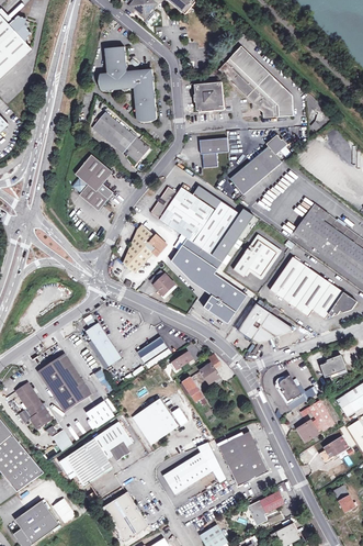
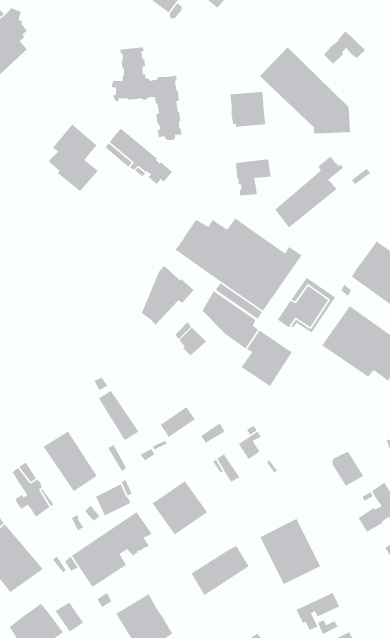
building: none -> [323,30,366,64]
building: [71,154,113,210] -> [48,124,99,192]
building: [237,302,294,343] -> none

